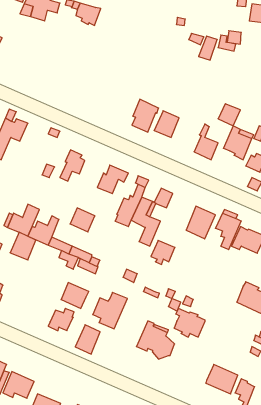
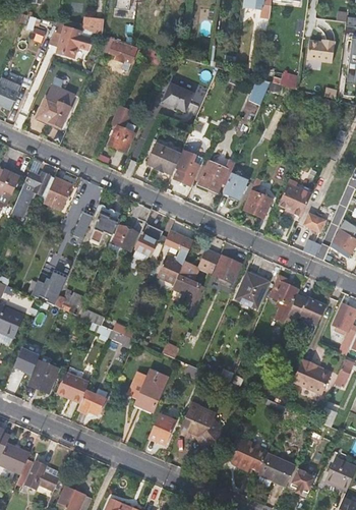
building: none -> [162,82,193,111]
building: none -> [37,86,74,129]
building: none -> [109,105,135,153]
building: none -> [145,144,180,175]
building: [218,104,240,126] -> [222,173,247,199]
building: none -> [43,176,72,211]
building: [70,208,95,232] -> [111,224,139,251]
building: [10,232,36,260] -> [28,360,58,392]
building: [151,240,175,264] -> [214,256,241,283]
building: [61,283,89,308] -> [57,374,88,403]
building: [174,309,205,337] -> [231,438,266,470]
building: [75,325,100,354] -> [147,412,176,446]

